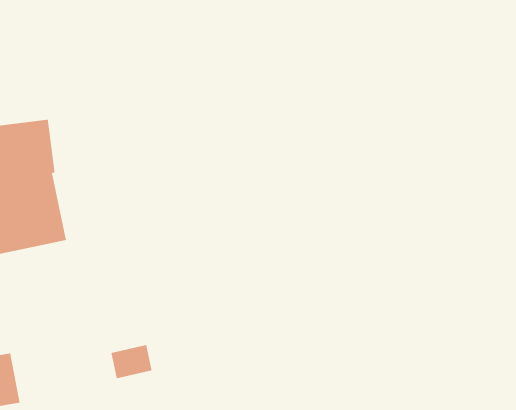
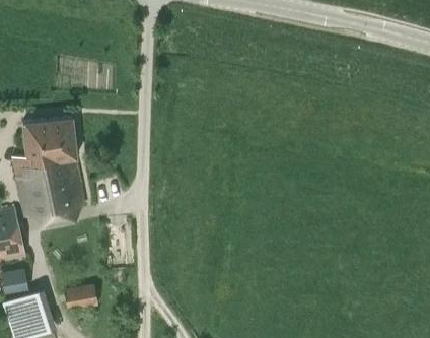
building: [110,344,152,379] -> [64,285,94,311]

